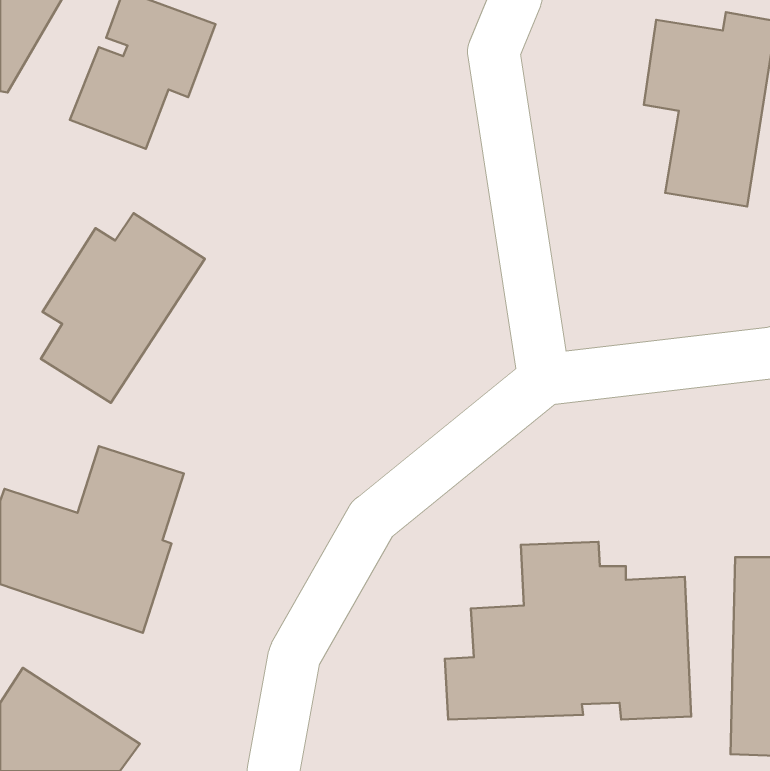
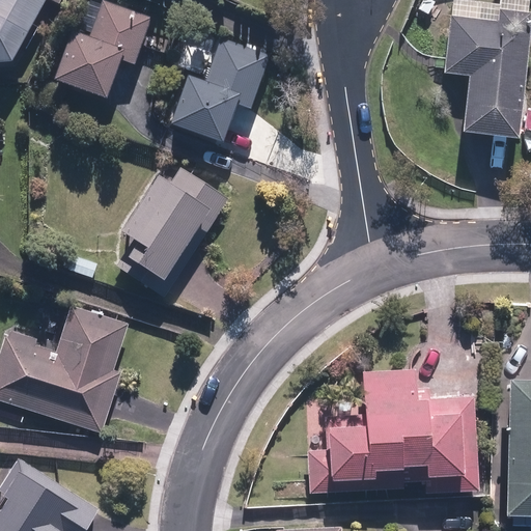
building: none -> [167,37,270,145]
building: [41,213,205,403] -> [117,167,229,297]

